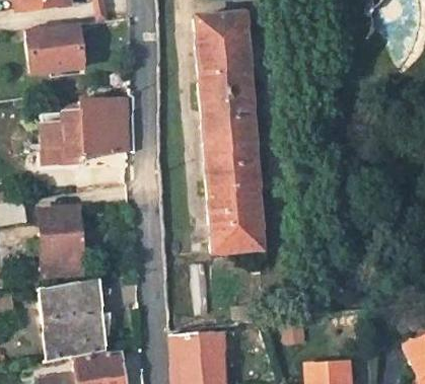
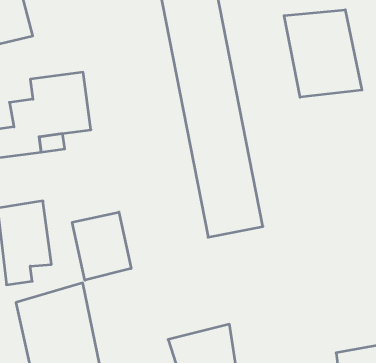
building: none -> [284,10,362,97]
building: none -> [72,212,131,280]

